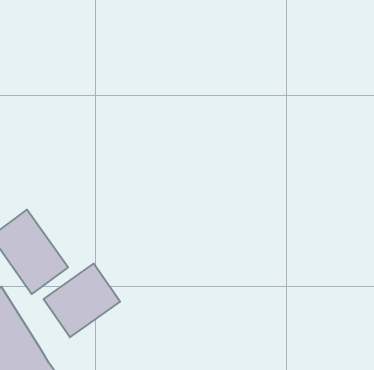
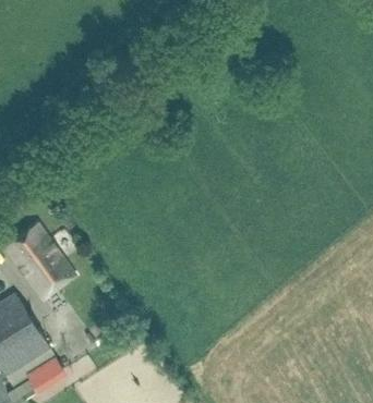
building: [44,264,120,337] -> none

